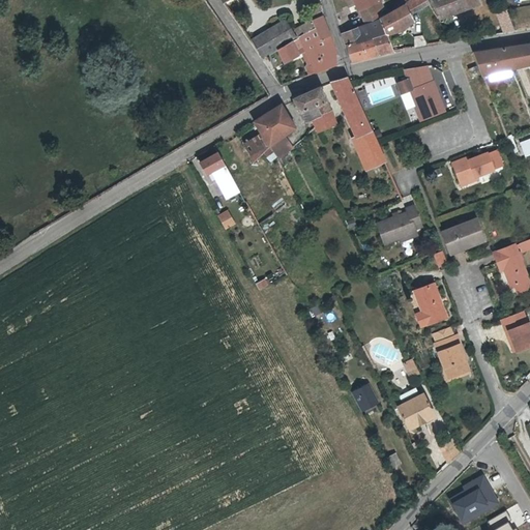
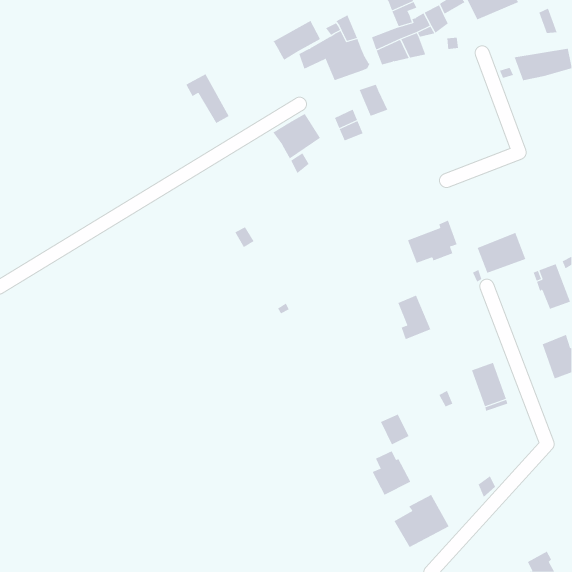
building: [398,73,443,117] -> none
building: [293,87,326,113] -> none
building: [342,101,384,168] -> none
building: [241,134,267,164] -> none
building: [452,150,503,185] -> none
building: [200,152,240,199] -> [186,73,229,124]
building: [413,284,444,325] -> [397,295,431,340]
building: [398,387,434,429] -> [372,450,411,495]
building: [447,473,499,523] -> [393,494,450,548]

